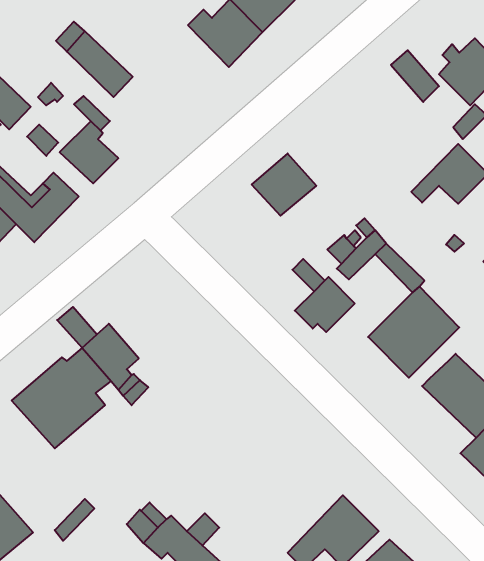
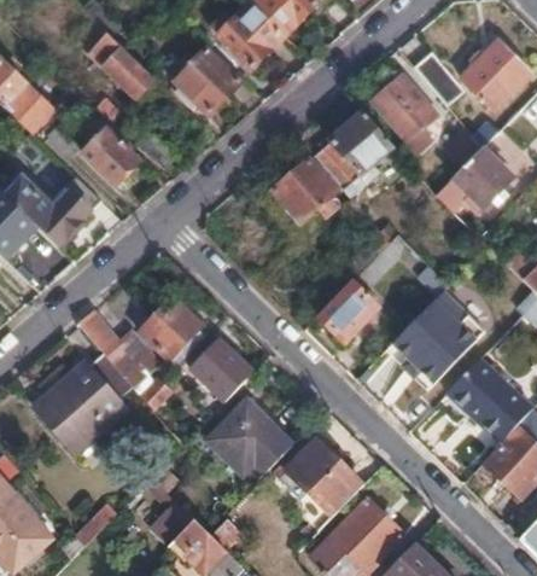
building: none -> [171,46,243,115]
building: none -> [372,74,436,152]
building: none -> [315,109,393,188]
building: none -> [139,303,200,360]
building: none -> [189,338,253,400]
building: none -> [208,403,291,484]
building: none -> [291,440,366,528]

